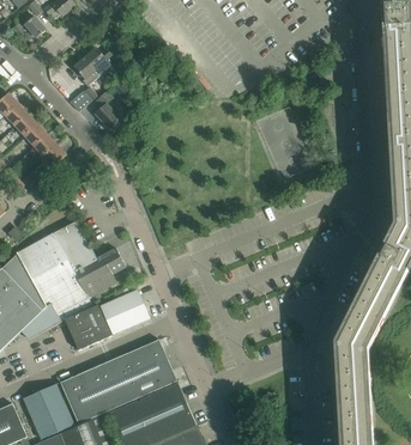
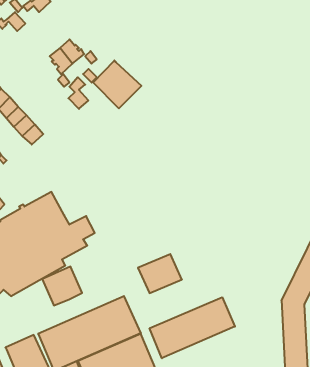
building: none -> [93,60,141,108]
building: [99,289,150,334] -> [138,254,182,293]
building: none -> [150,297,235,358]

